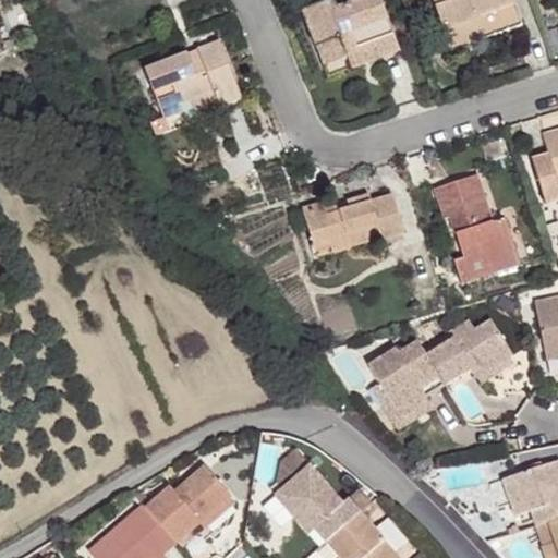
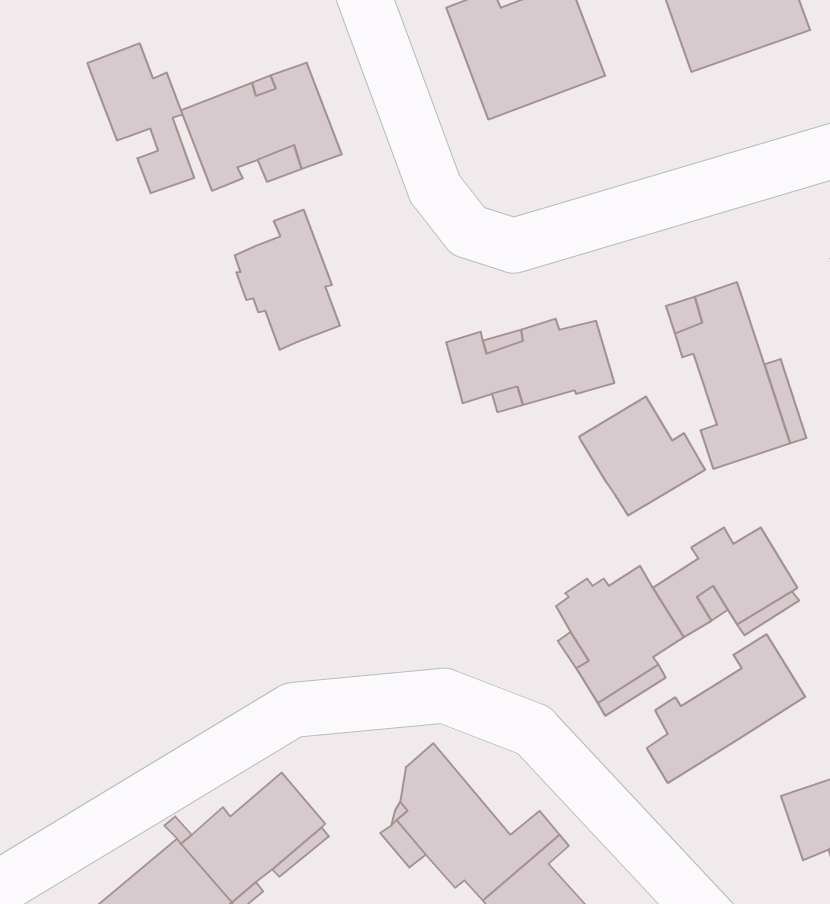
building: none -> [87,43,194,193]
building: none -> [235,210,340,350]
building: none -> [579,396,705,516]
building: none -> [647,634,805,783]

